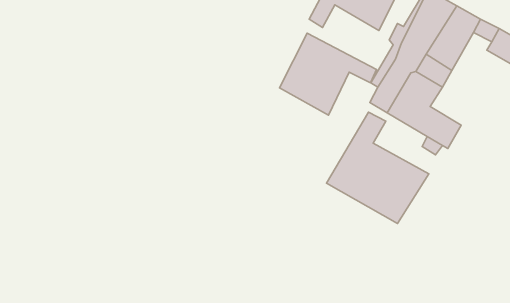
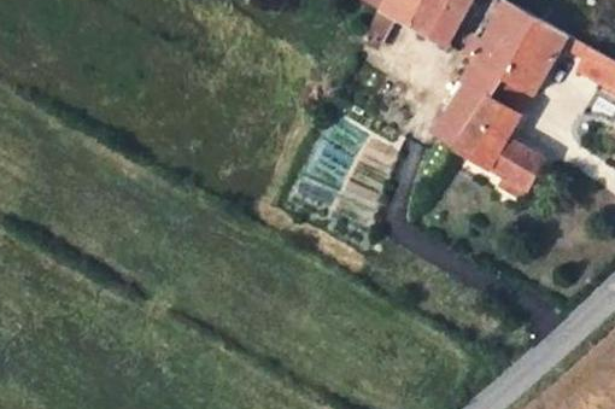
building: [280,33,377,115] -> none
building: [326,112,429,224] -> none

